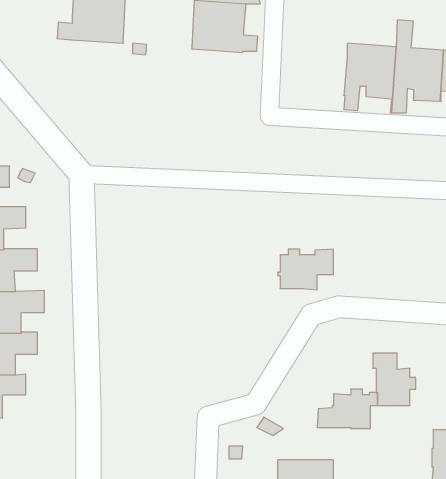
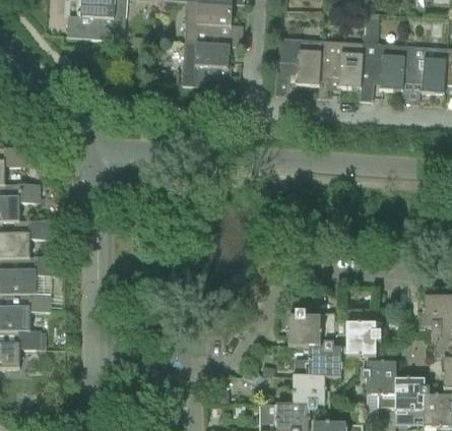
building: none -> [275,37,320,95]
building: none -> [181,44,239,87]
building: [278,249,333,290] -> [285,311,334,347]
building: none -> [361,356,395,406]
building: none -> [292,375,329,410]

